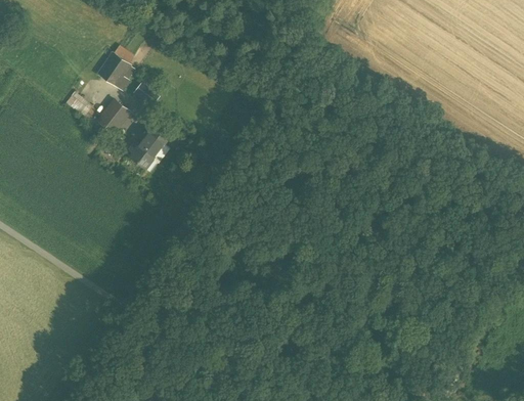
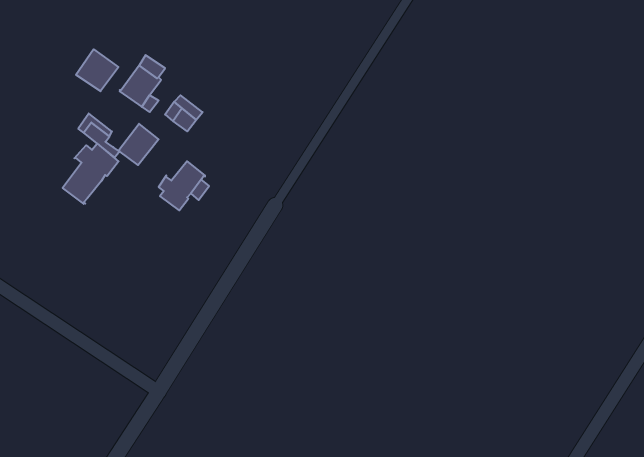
building: none -> [76,49,118,91]
building: none -> [63,144,119,204]

